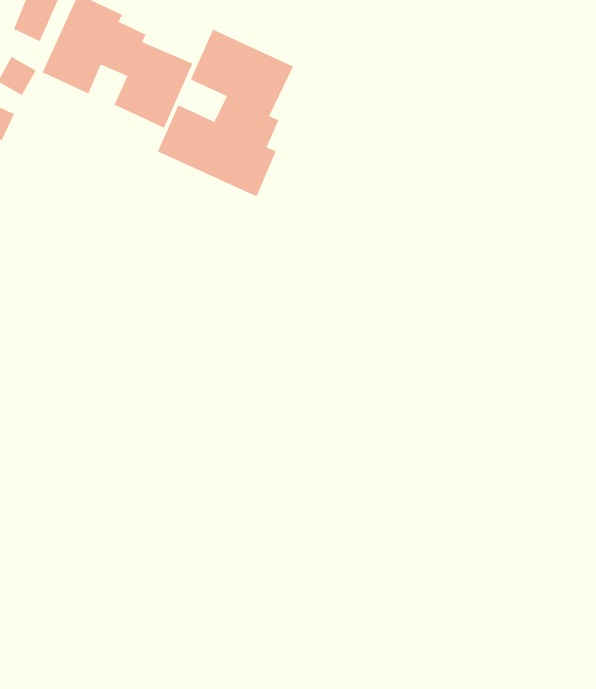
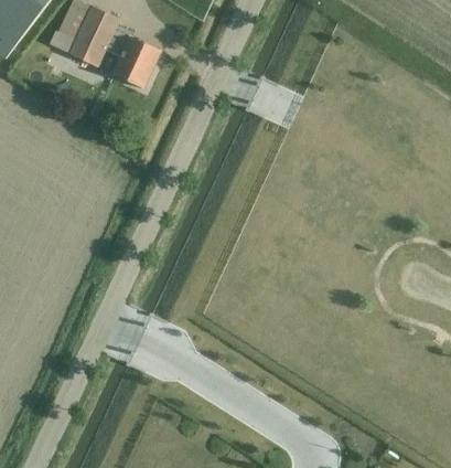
building: [157,29,294,197] -> none

